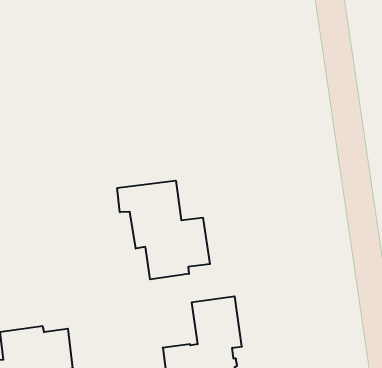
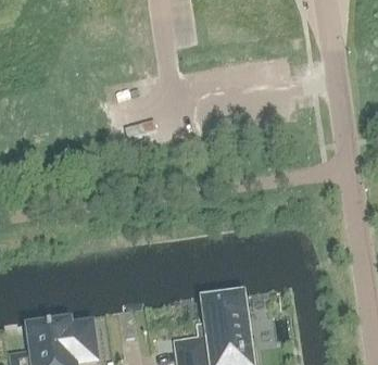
building: [117,181,210,279] -> none

